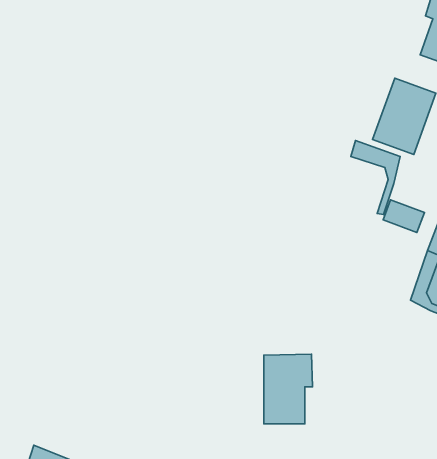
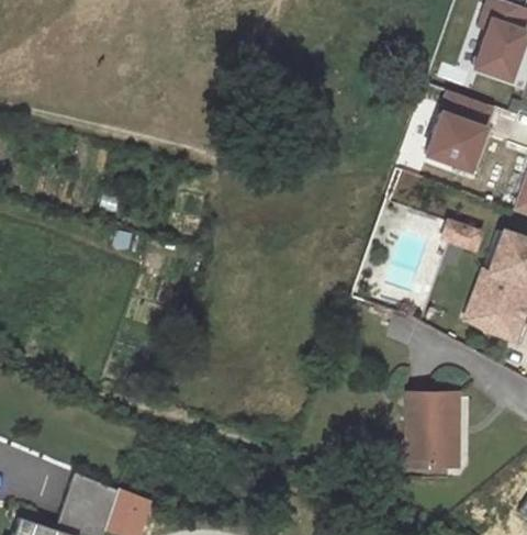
building: [351,140,400,215] -> none
building: [264,354,312,424] -> [410,394,460,467]

